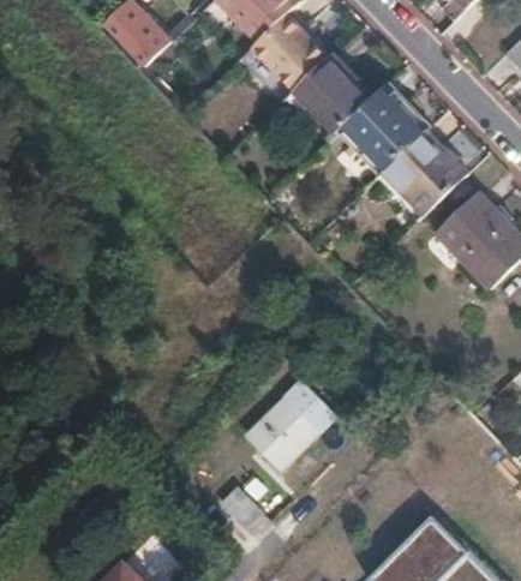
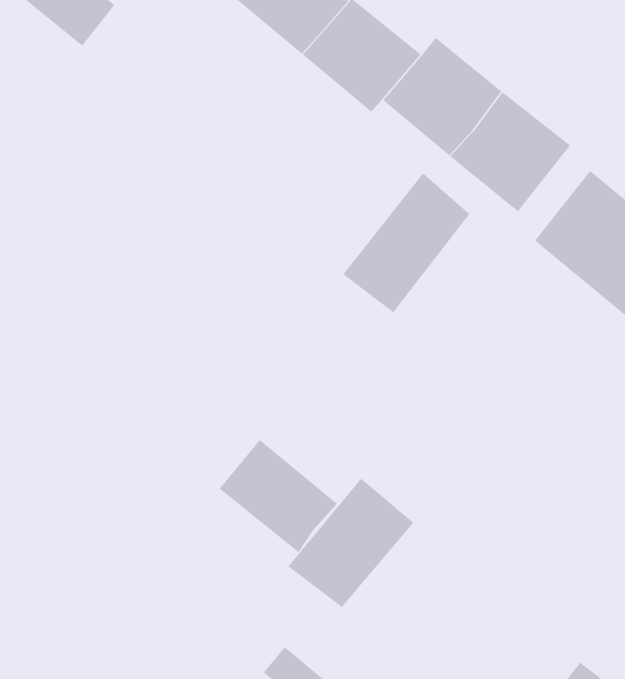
building: none -> [342,173,470,313]
building: none -> [219,439,338,553]

